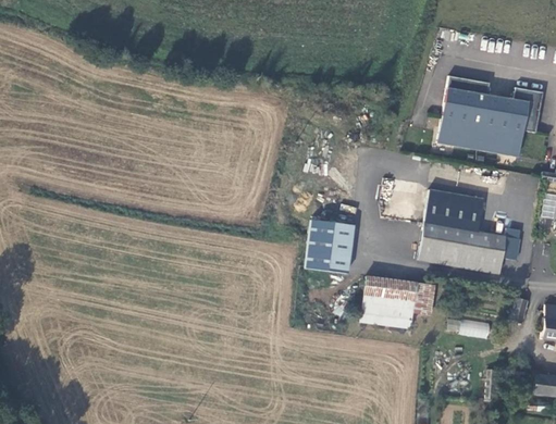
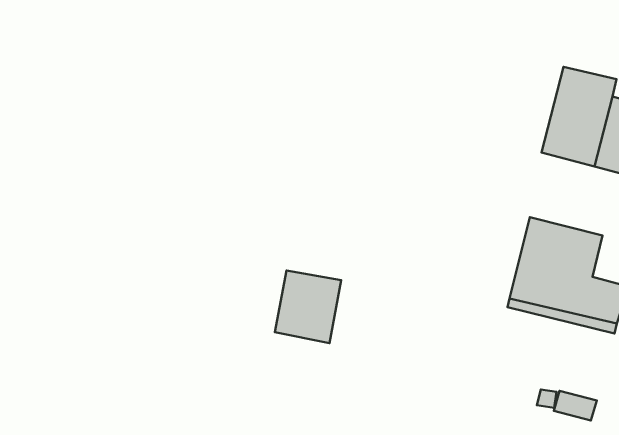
building: [307,220,354,272] -> [275,270,341,343]
building: [361,276,435,326] -> none

